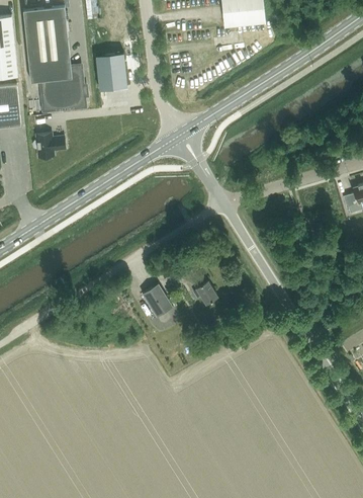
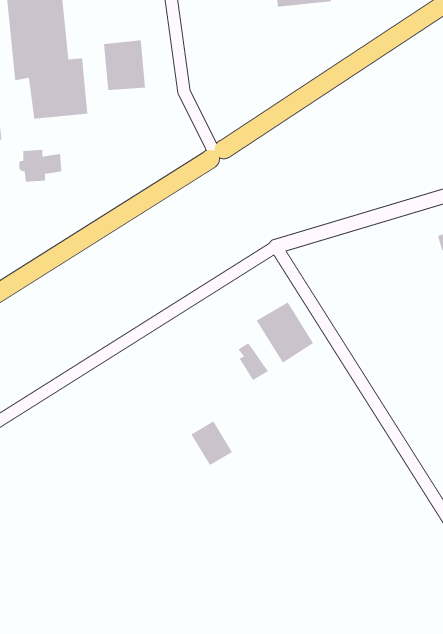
building: none -> [256,301,314,364]
building: [142,283,173,317] -> [190,421,233,466]

